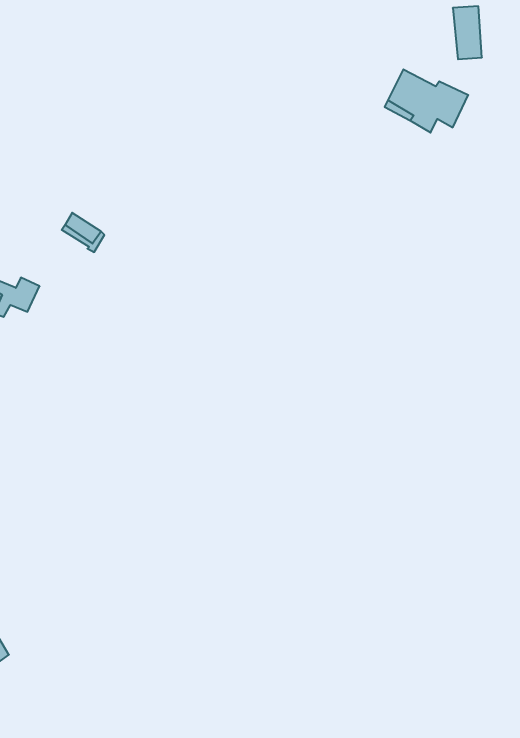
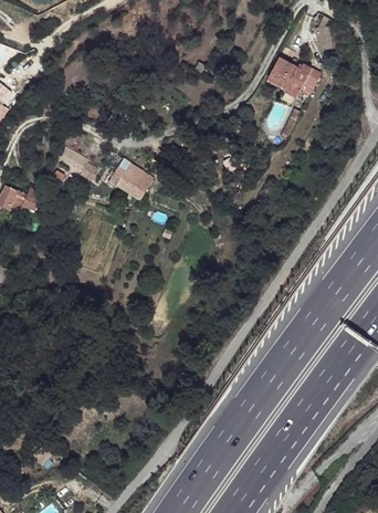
building: none -> [117,164,156,200]

